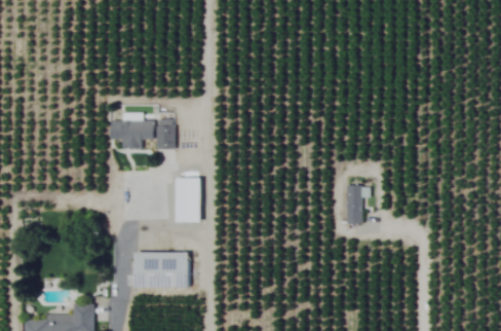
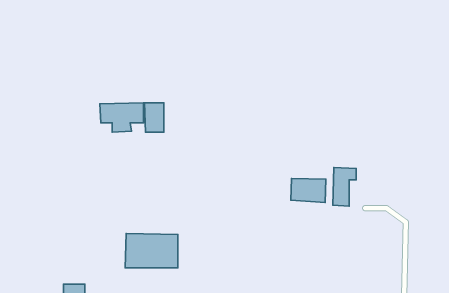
building: [178,178,201,222] -> none
building: none -> [291,178,326,202]

